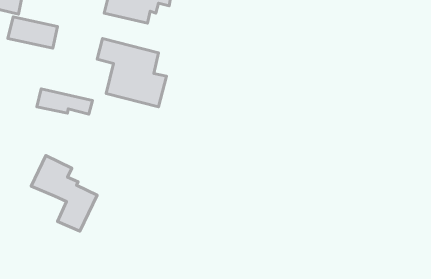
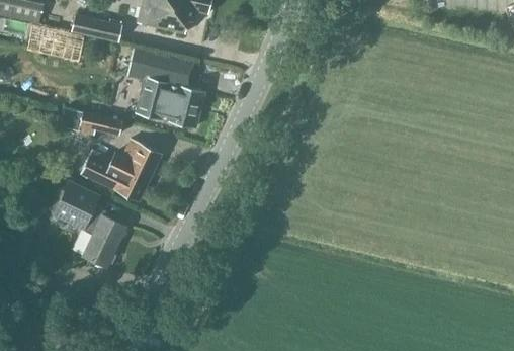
building: none -> [71,14,121,40]
building: none -> [79,138,160,199]

